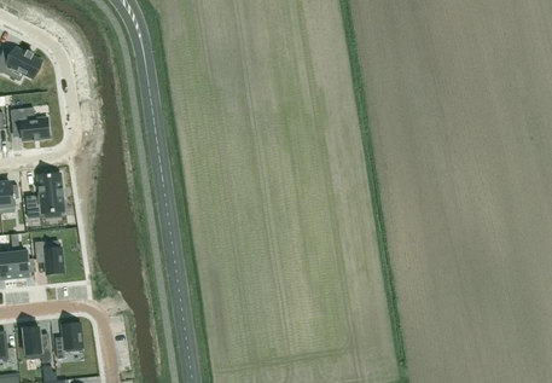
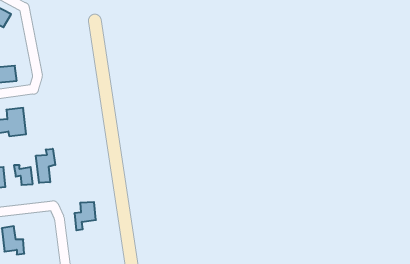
building: none -> [36,149,55,183]
building: [57,324,85,360] -> [74,202,96,230]

